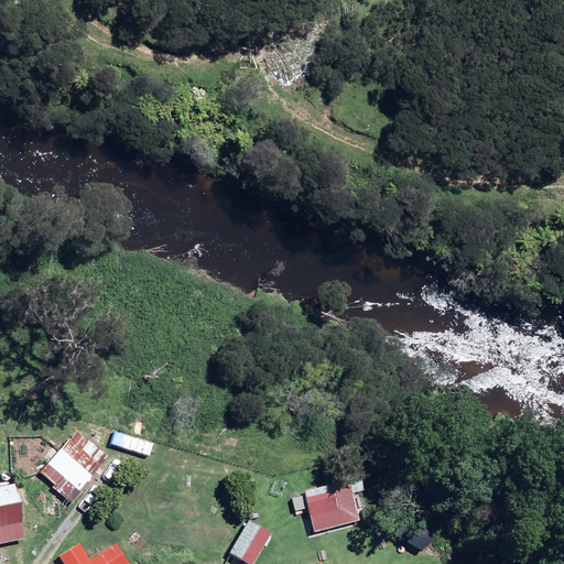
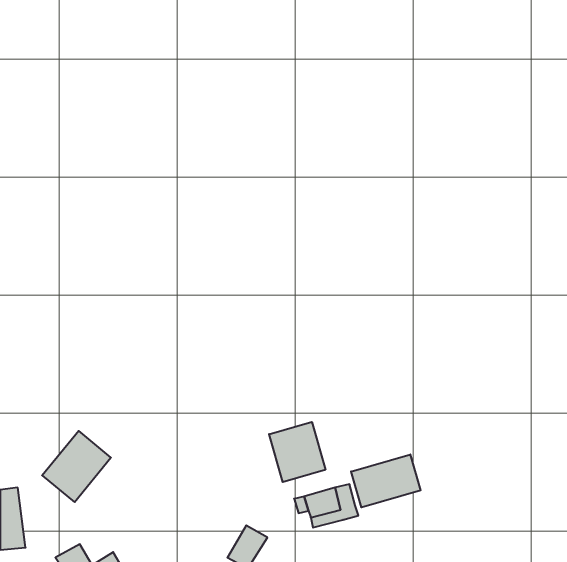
building: none -> [269,422,325,482]
building: none -> [351,454,421,507]

